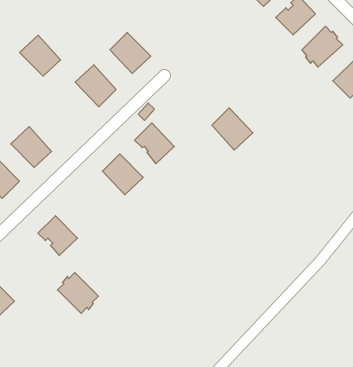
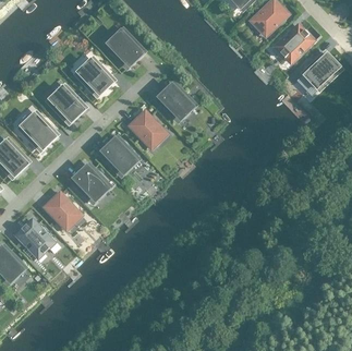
building: [20,35,61,76] -> [48,86,84,122]
building: [212,108,253,150] -> [157,83,193,120]
building: none -> [72,165,108,201]
building: [57,273,98,313] -> [16,220,52,256]

